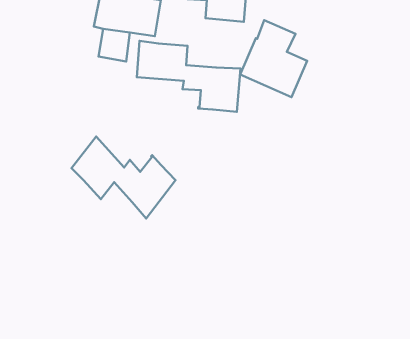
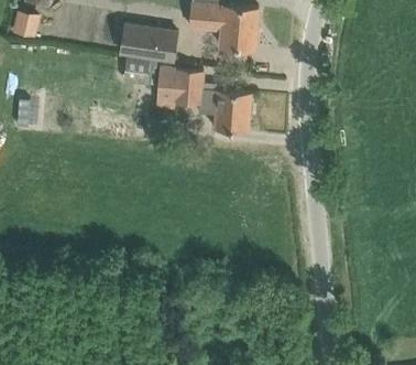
building: [240,20,307,97] -> none
building: [72,137,175,219] -> none

